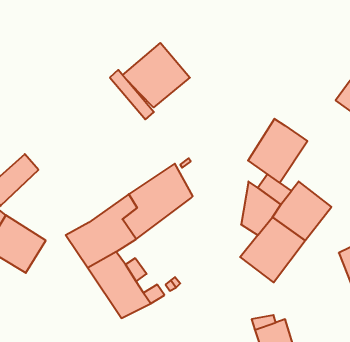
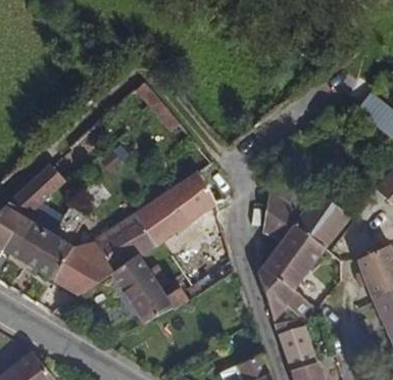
building: [123,43,190,107] -> none
building: [248,119,307,183] -> none
building: none -> [54,242,114,294]
building: none -> [257,264,311,318]

